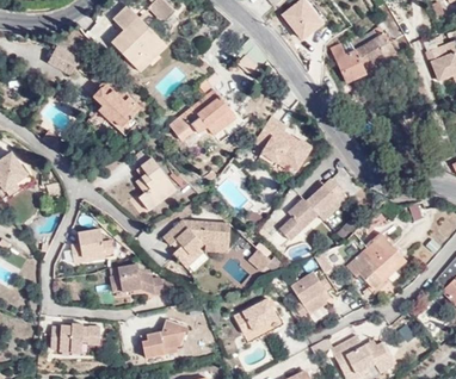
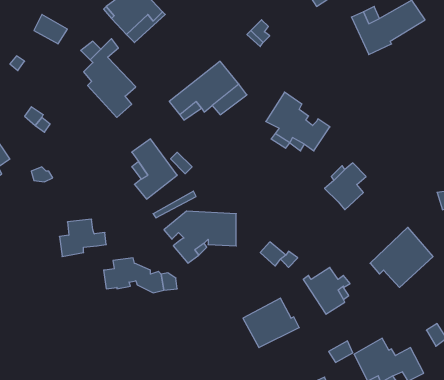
building: [281,199,319,240] -> none
building: [142,318,189,356] -> none
building: [50,323,100,350] -> none

